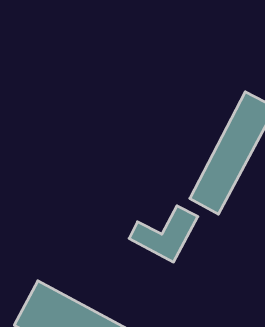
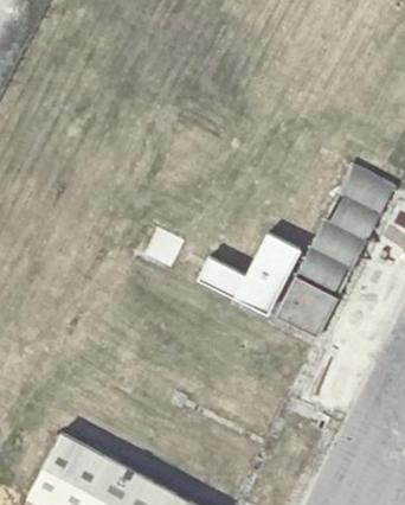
building: [129,206,198,262] -> [205,236,302,315]

